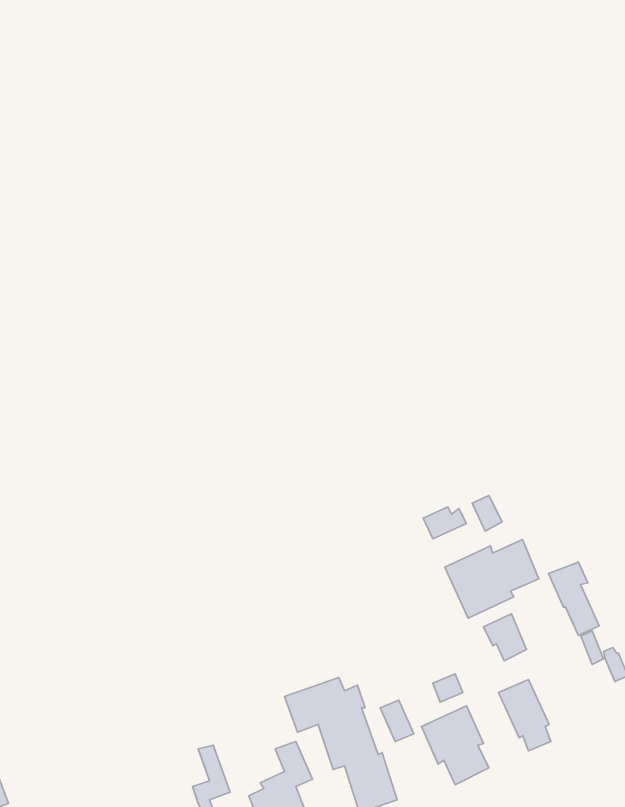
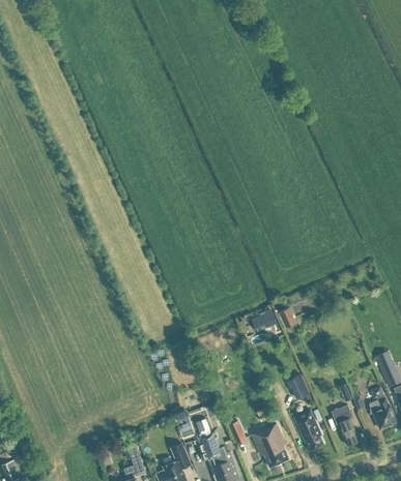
building: [445,539,539,618] -> none
building: [549,562,599,635] -> [332,405,360,446]

